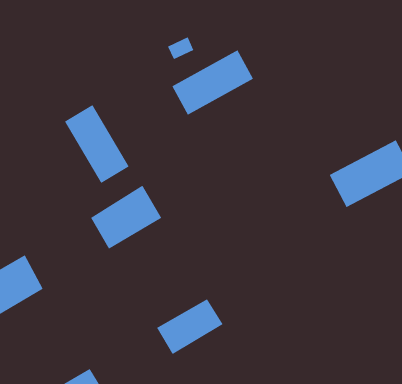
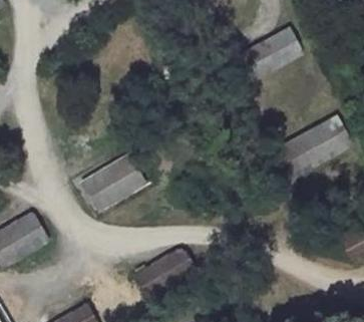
building: [172,49,254,115] -> [234,28,301,82]
building: [64,104,130,184] -> none

